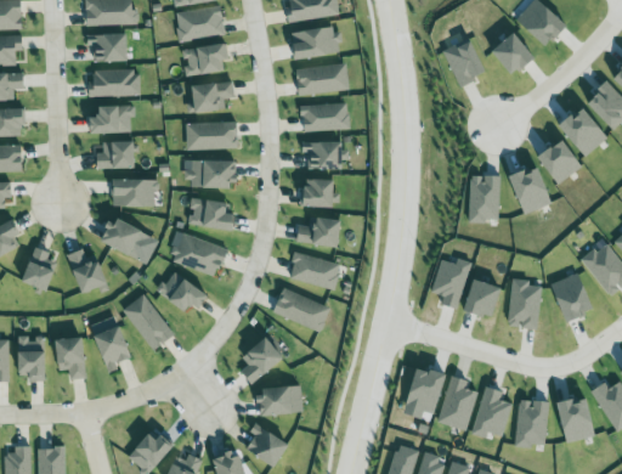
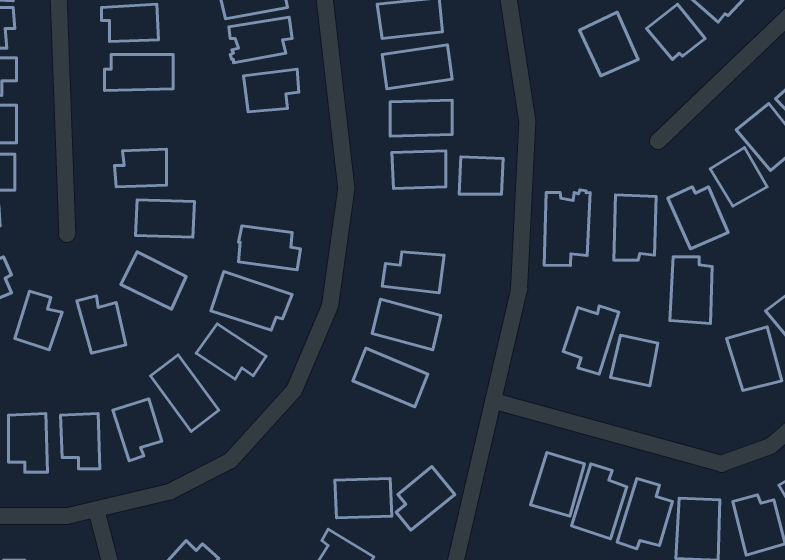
building: [90,105,135,132] -> none
building: [186,122,238,149] -> none
building: [185,159,236,187] -> none
building: none -> [544,190,590,265]
building: [301,177,334,205] -> [459,157,503,194]
building: [508,278,539,328] -> [670,257,712,324]
building: [241,337,284,384] -> [396,467,455,530]

